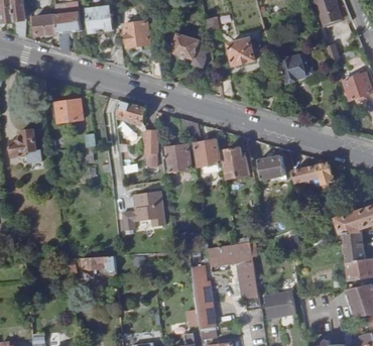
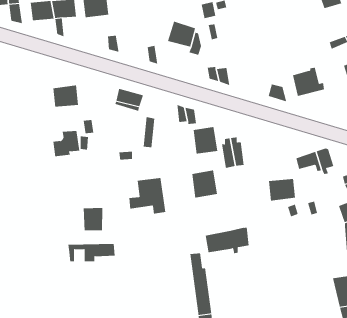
building: [122,21,148,47] -> none
building: [229,39,253,65] -> none
building: [281,50,314,80] -> [292,67,325,97]
building: [10,130,37,156] -> [53,130,80,157]
building: [164,144,191,172] -> [191,170,218,198]
building: [256,158,283,181] -> [268,179,296,201]
building: none -> [83,207,103,231]
building: [235,258,257,298] -> none
building: [266,294,297,319] -> none

